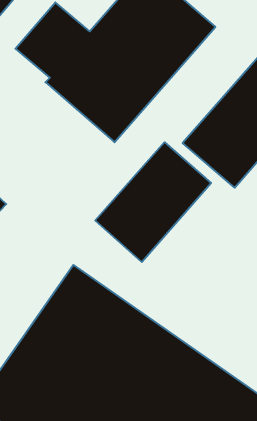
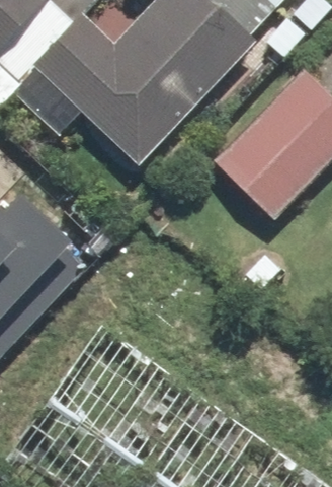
building: [95,142,211,262] -> none

